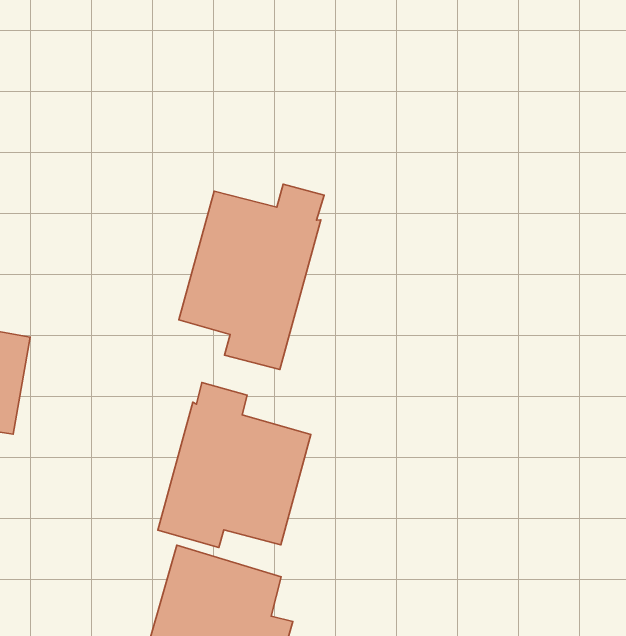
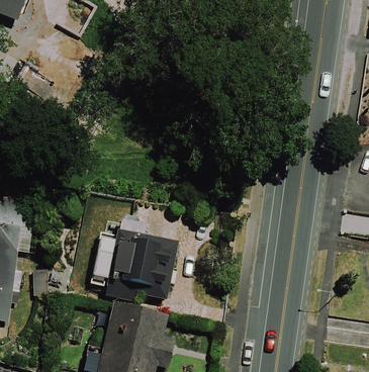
building: [179,184,324,370] -> none

